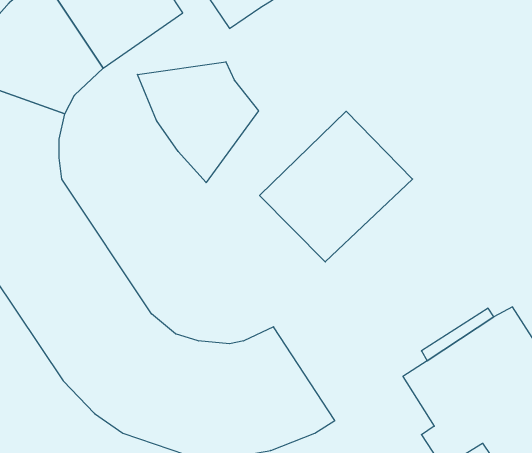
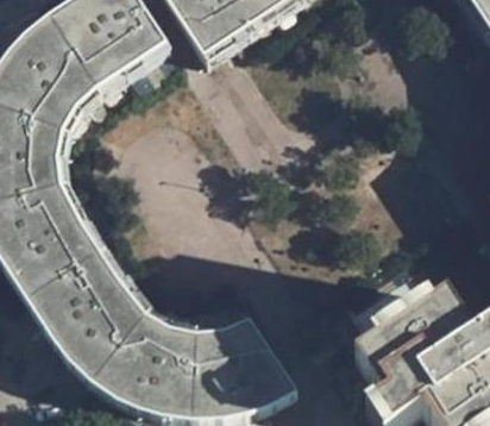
building: [137,62,258,183] -> none
building: [260,111,413,262] -> none

